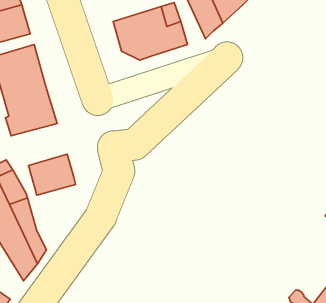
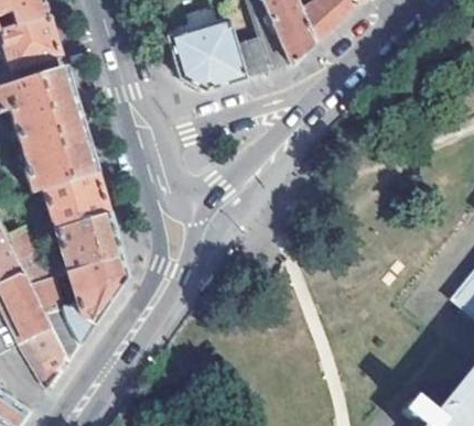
building: none -> [42,175,106,231]
building: none -> [62,256,123,343]

